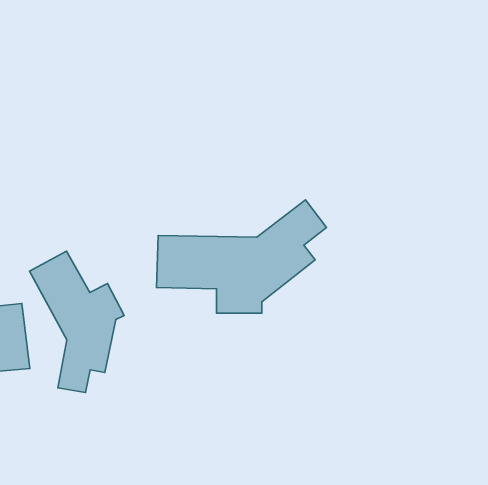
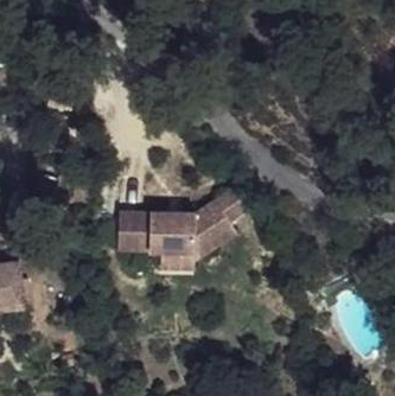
building: [30,251,124,392] -> none

